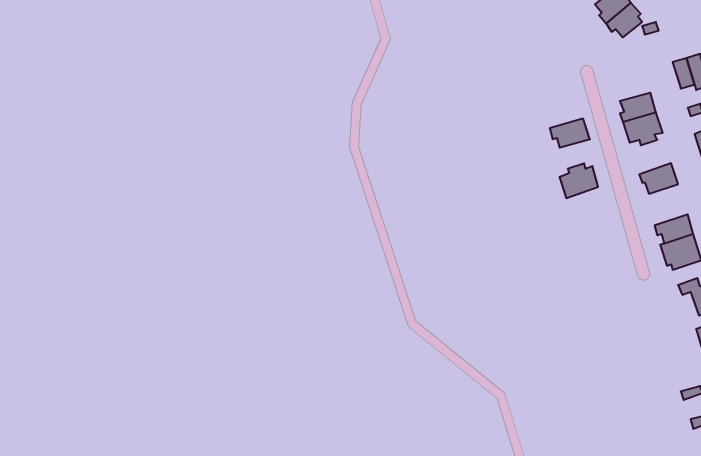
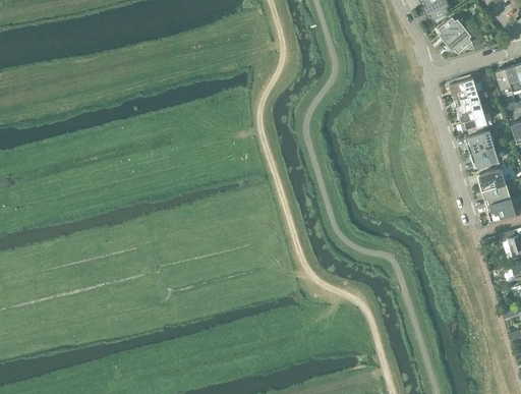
building: [550,119,590,148] -> [449,77,478,99]
building: [559,163,598,198] -> [465,127,494,153]
building: none -> [479,168,506,190]

